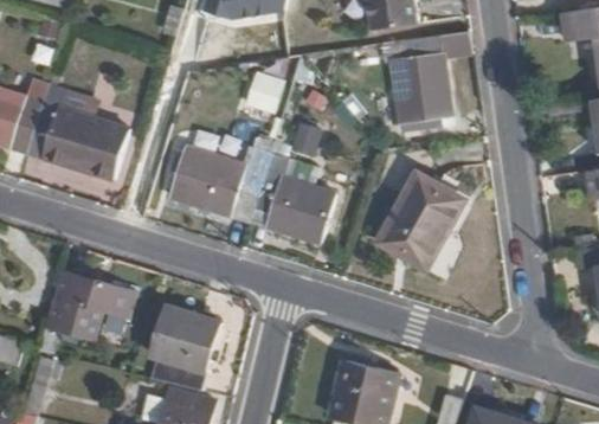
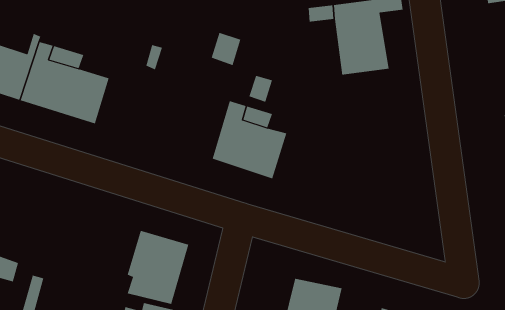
building: [168,139,271,223] -> none
building: [376,172,465,270] -> none
building: [37,270,133,352] -> none

